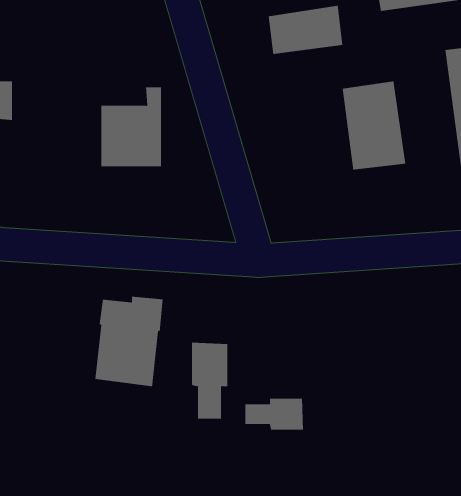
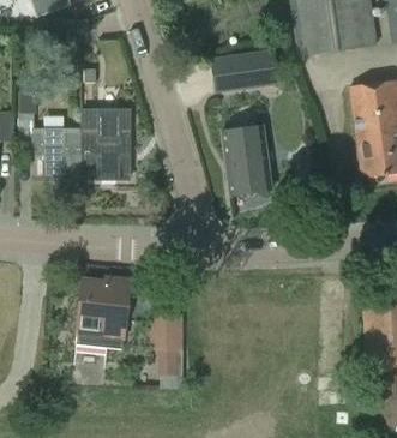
building: none -> [19,89,82,178]
building: [342,81,406,170] -> [222,124,272,193]
building: [245,398,304,430] -> none

